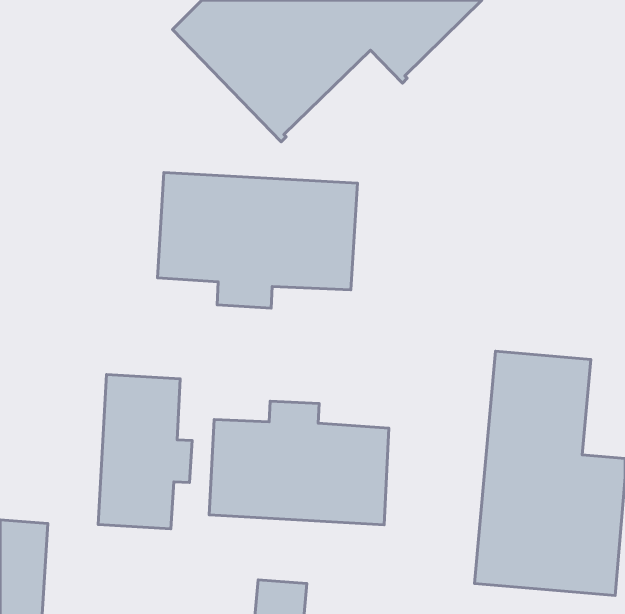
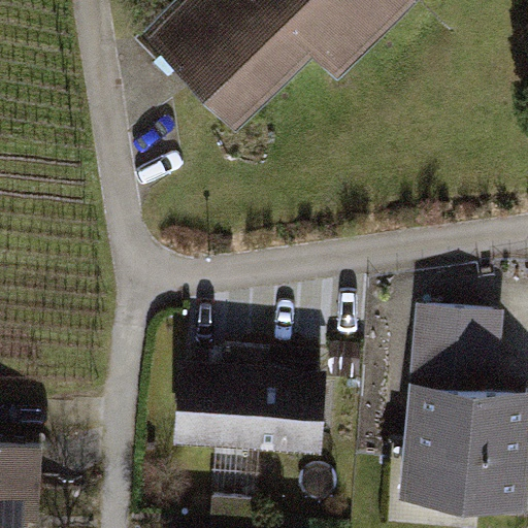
building: [157,172,357,308] -> none
building: [98,374,192,529] -> none

